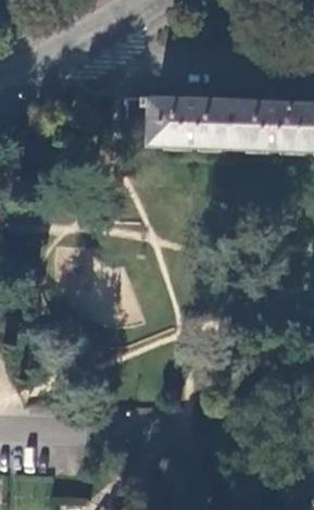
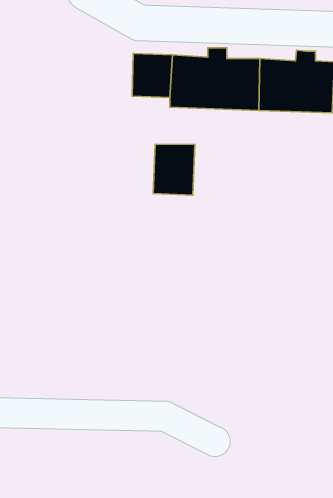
building: none -> [153,144,195,195]

